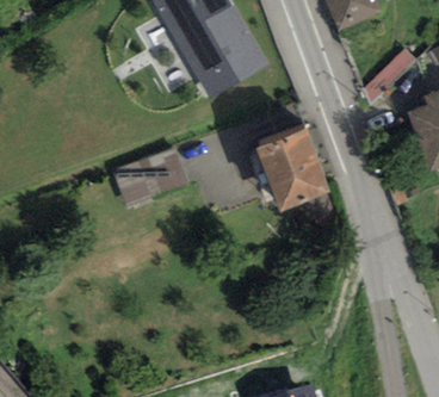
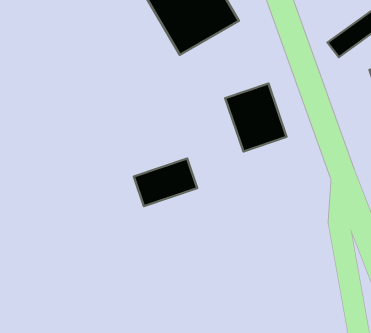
building: [113,153,180,203] -> [134,158,197,206]

